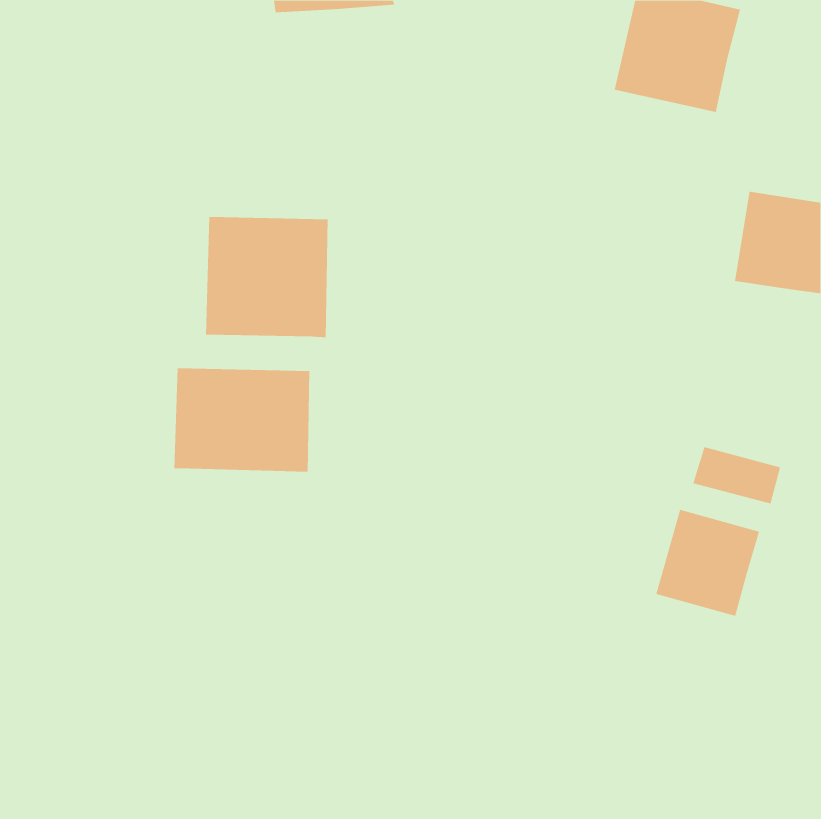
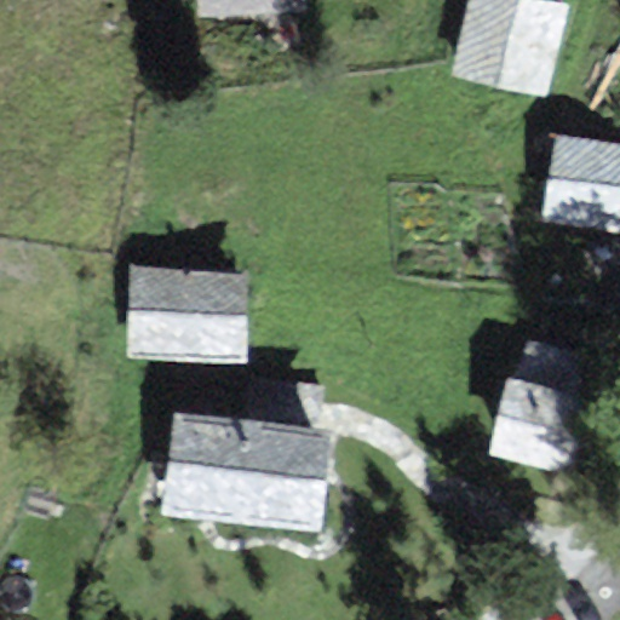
building: [205,216,328,338] -> none
building: none -> [168,421,315,517]

